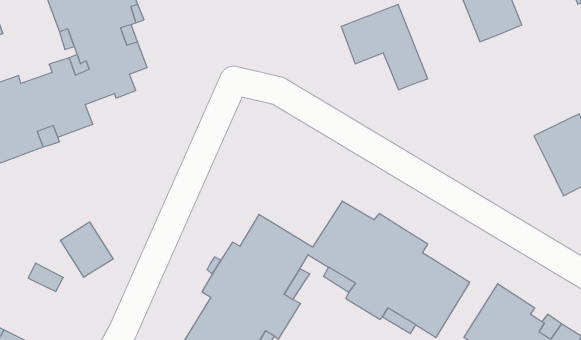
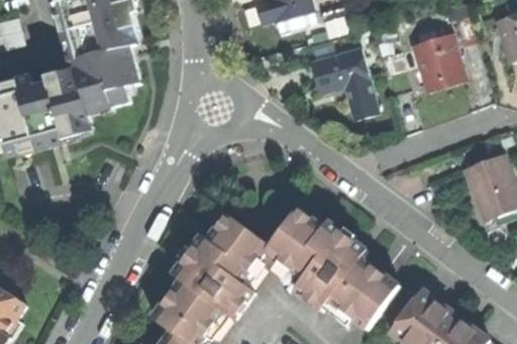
building: [60,222,113,277] -> none

